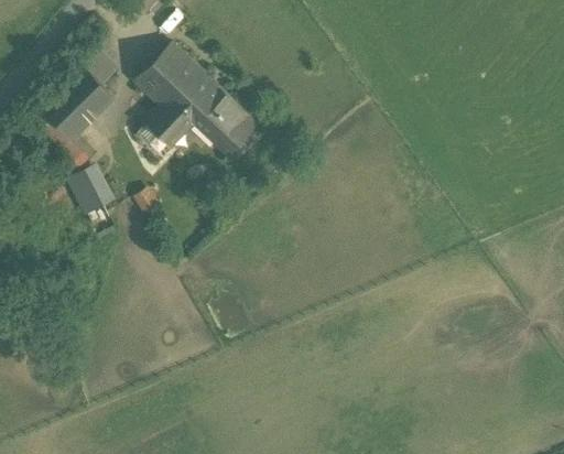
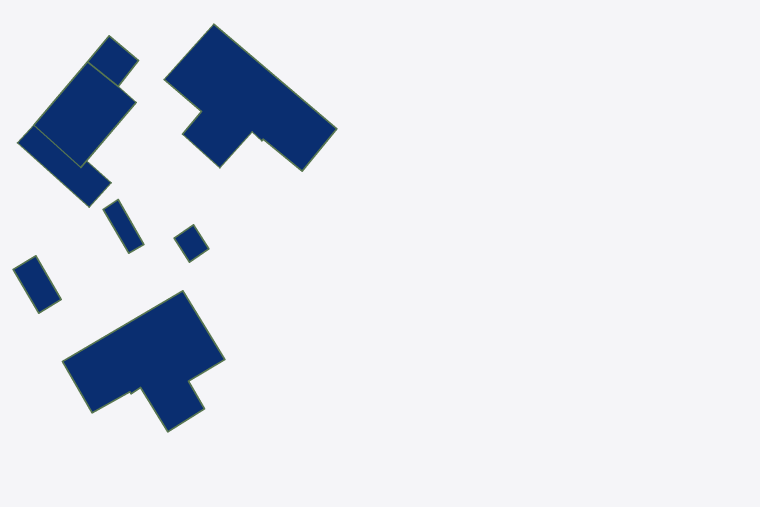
building: [70,172,104,213] -> [13,256,61,313]
building: none -> [63,291,225,432]

